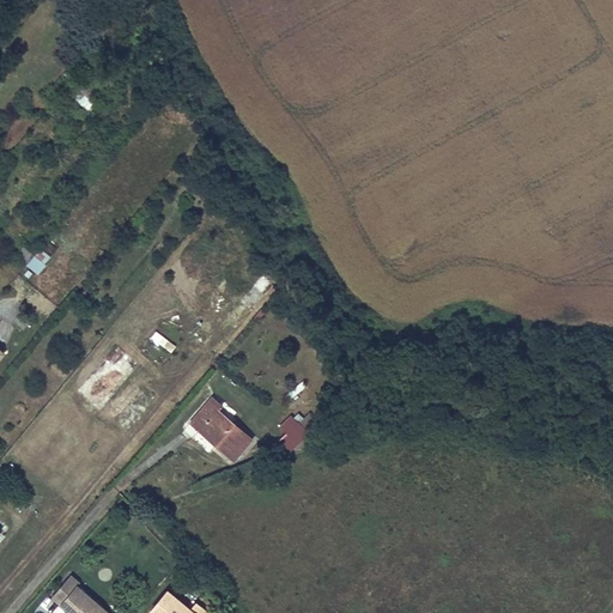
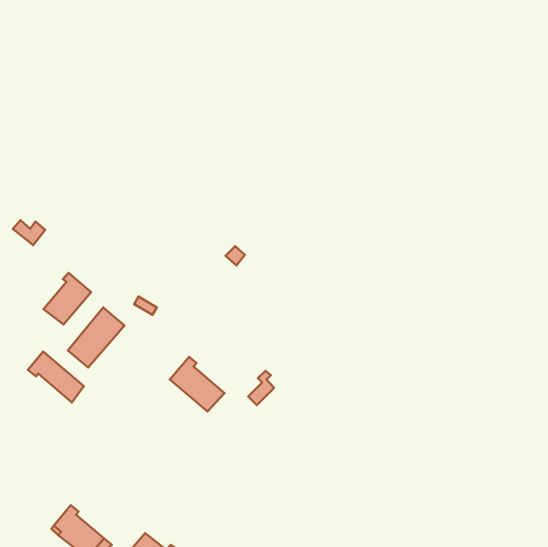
building: none -> [44,273,91,325]
building: none -> [28,352,84,402]

